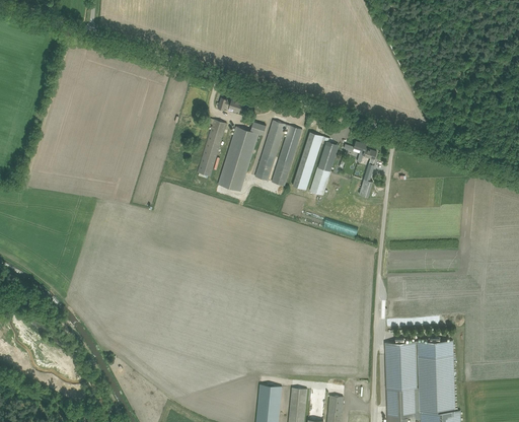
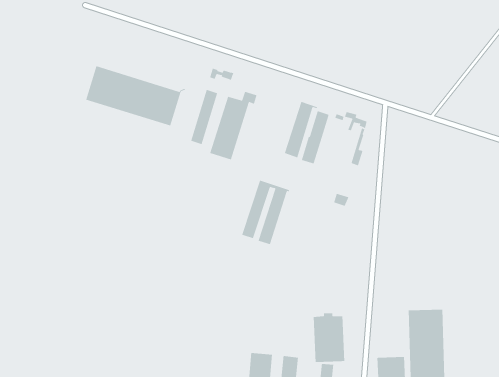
building: none -> [85,65,186,127]
building: [254,121,304,187] -> [241,180,291,245]
building: [384,339,417,390] -> [313,312,345,363]

